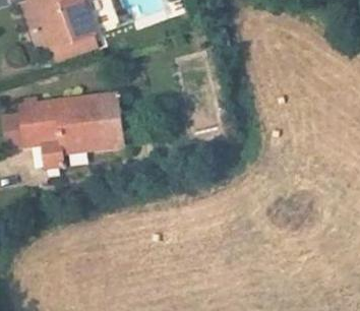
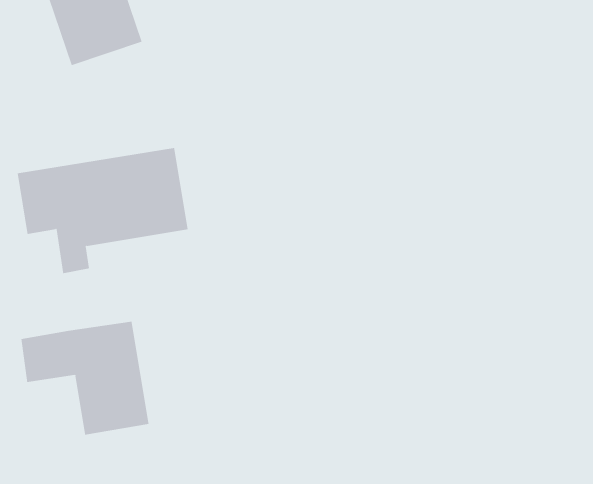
building: none -> [21,321,149,436]

